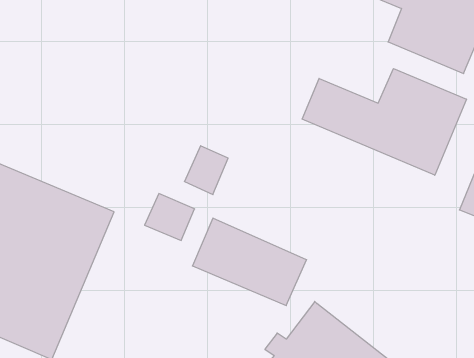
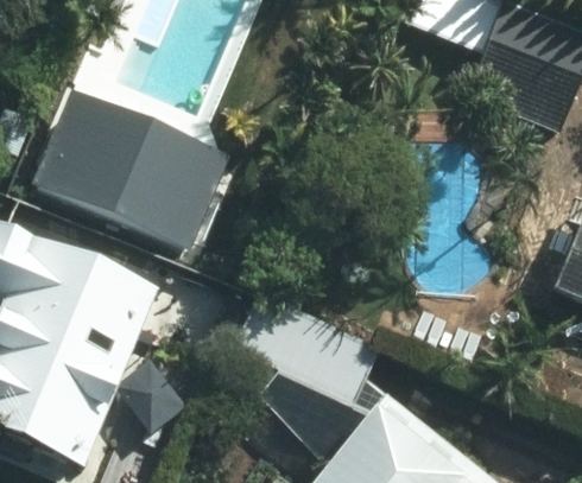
building: none -> [65,103,204,235]
building: [302,69,466,175] -> none

